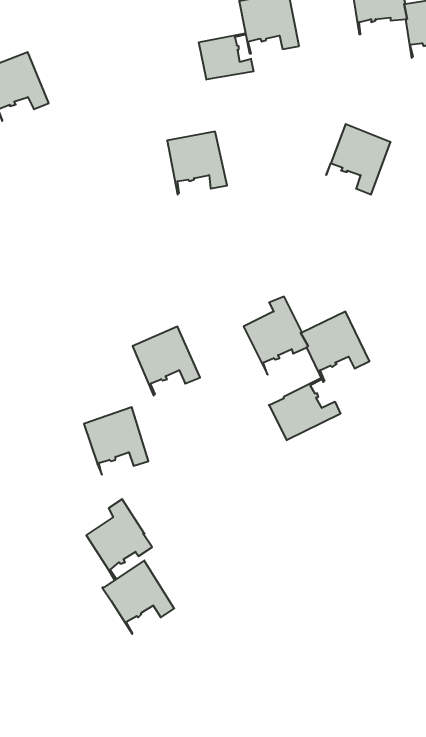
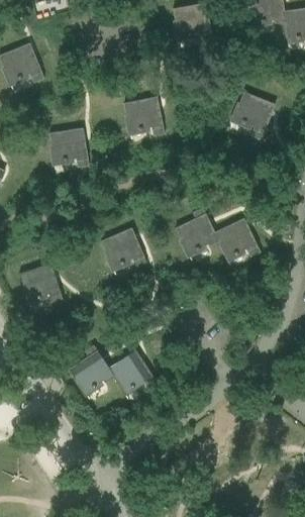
building: [199,33,254,80] -> none
building: none -> [48,129,88,171]
building: [269,378,340,440] -> none
building: [84,407,148,475] -> [18,264,62,309]
building: [102,560,174,634] -> [107,350,156,400]

